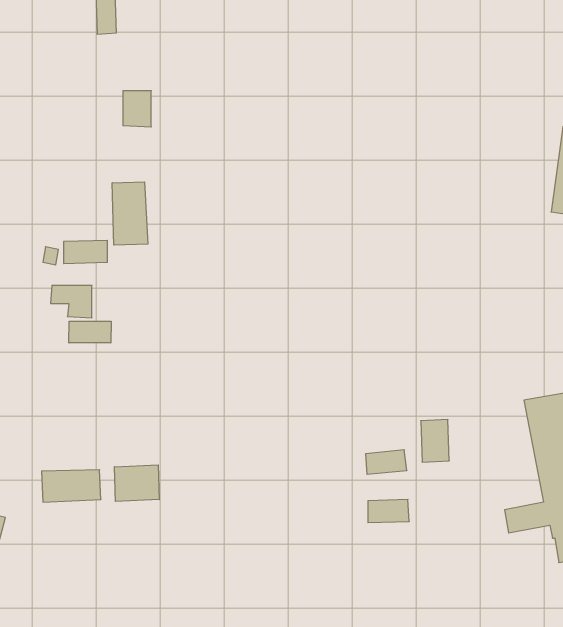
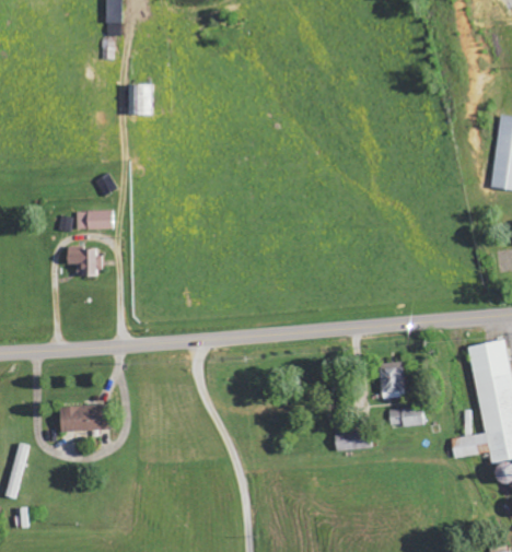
building: [112,182,148,245] -> none
building: [69,321,111,343] -> none
building: [366,450,407,474] -> [389,406,424,426]
building: [114,465,159,501] -> none

